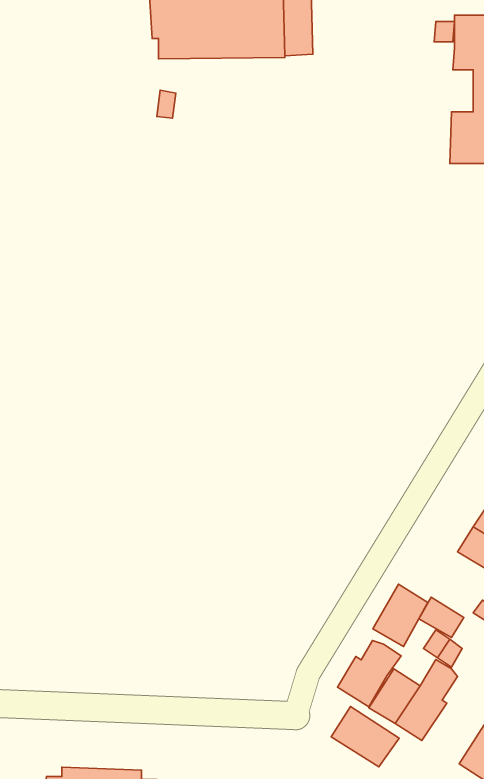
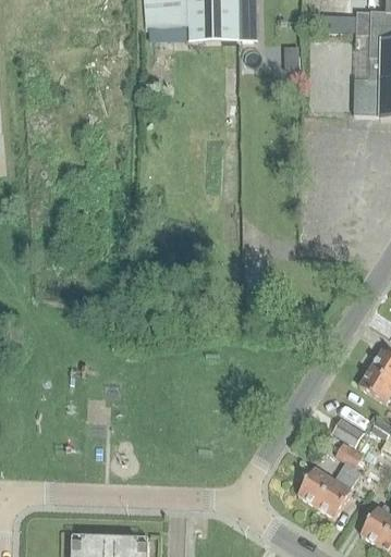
building: [373,584,428,646] -> none
building: [338,641,401,707] -> none
building: [331,706,399,767] -> none

